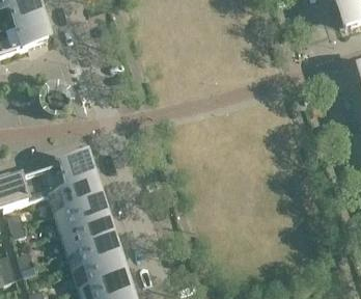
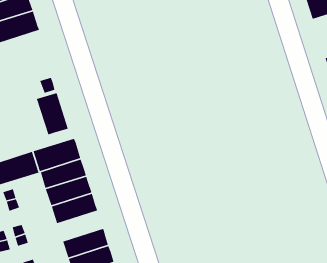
building: none -> [36,92,69,136]
building: [64,234,116,267] -> none

